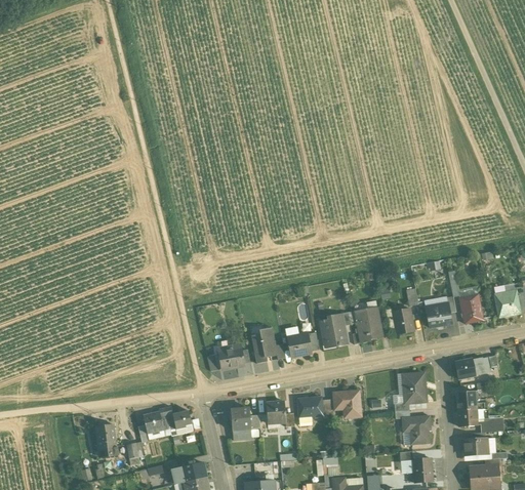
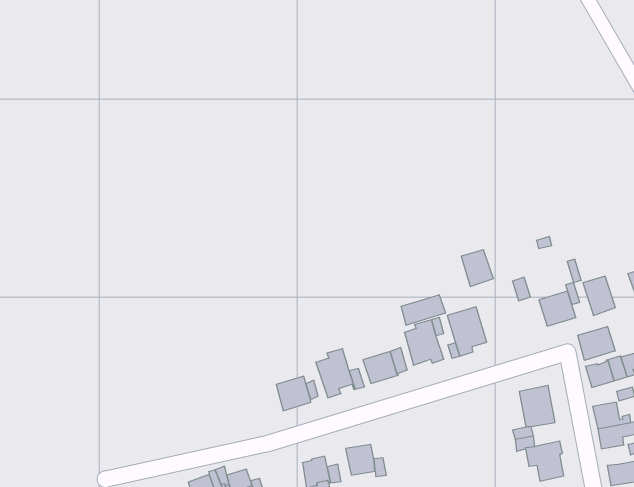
building: none -> [401,295,446,325]
building: [392,308,414,334] -> [461,250,494,286]
building: none -> [578,326,615,360]
building: [333,391,361,417] -> none
building: [297,397,323,417] -> none

